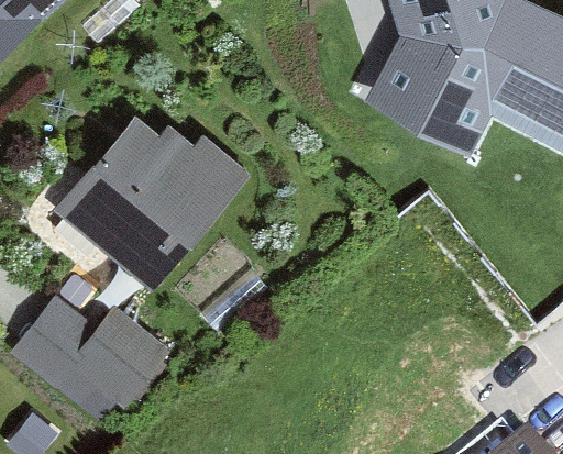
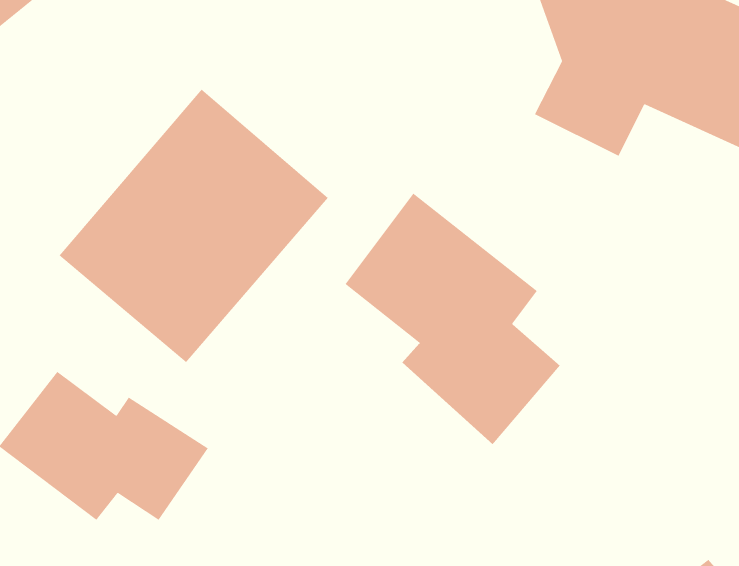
building: none -> [345,193,561,445]

